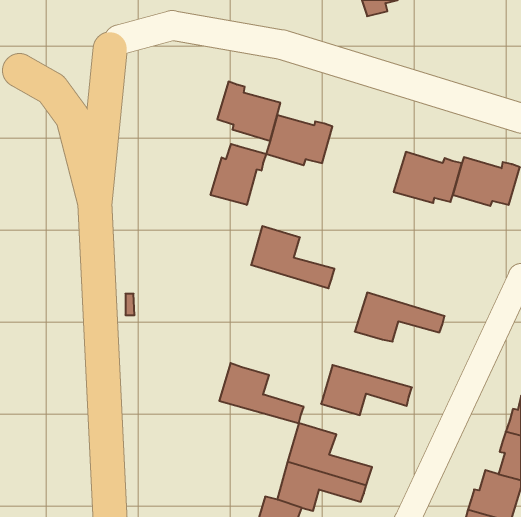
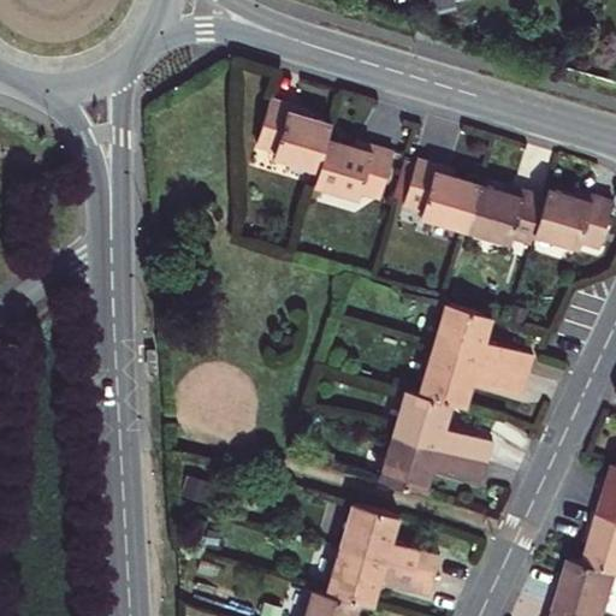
building: none -> [403,160,479,231]
building: [211,144,266,205] -> none
building: [251,226,335,288] -> [433,304,532,378]
building: [219,363,304,423] -> [392,391,492,462]

